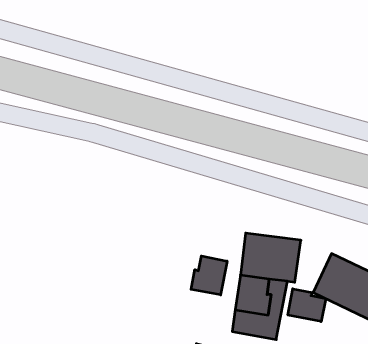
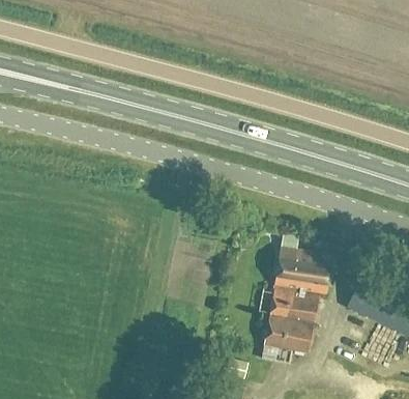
building: [191,256,227,295] -> none
building: [288,289,326,322] -> none

